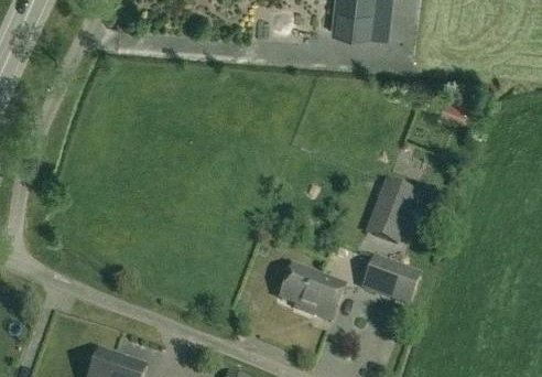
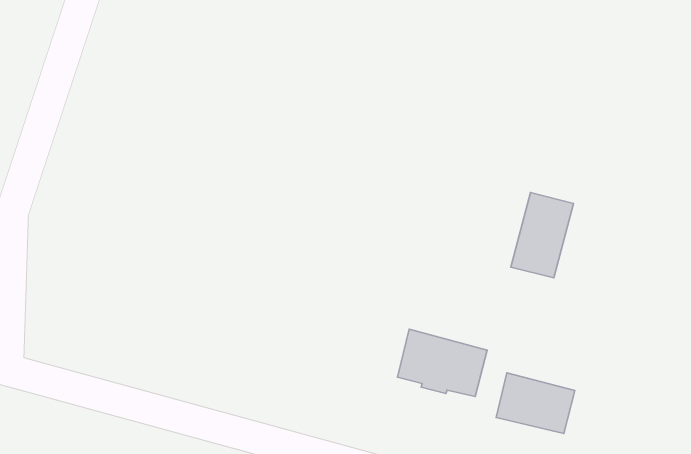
building: [364,256,420,302] -> [496,373,575,433]

